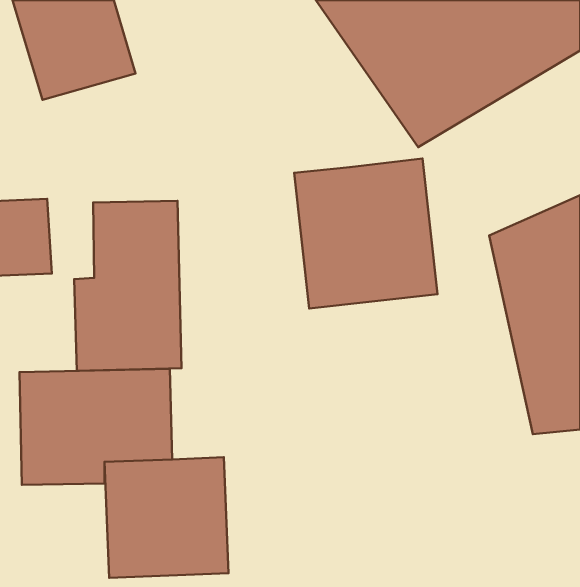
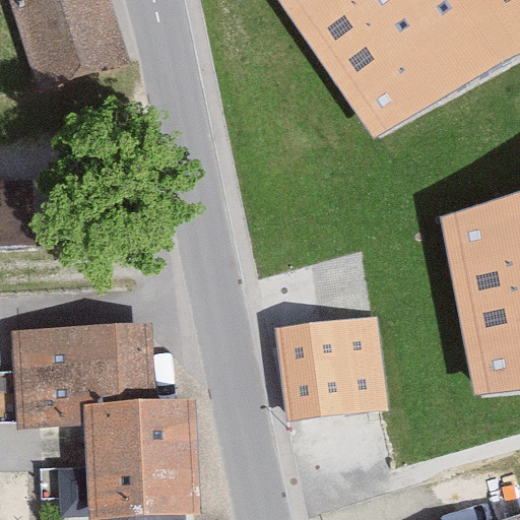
building: [294,159,438,308] -> none
building: [74,201,181,371] -> none
building: none -> [285,318,388,419]

